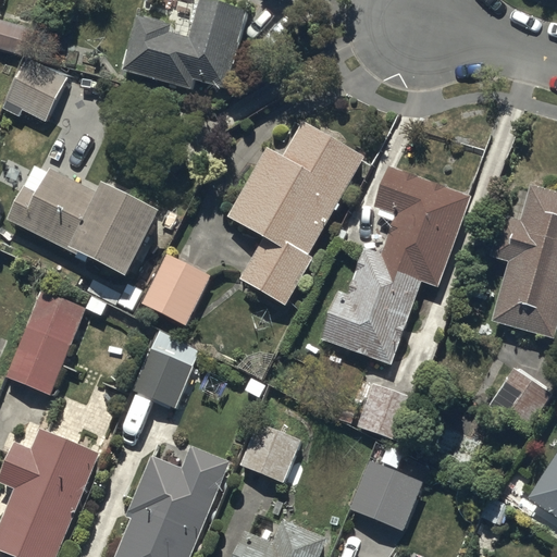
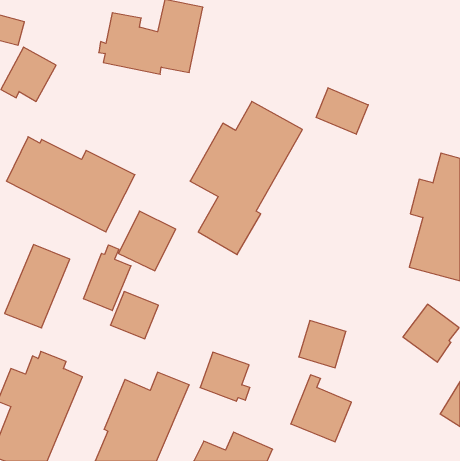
building: none -> [316,88,368,134]
building: [319,165,469,366] -> none
building: none -> [84,245,131,311]

